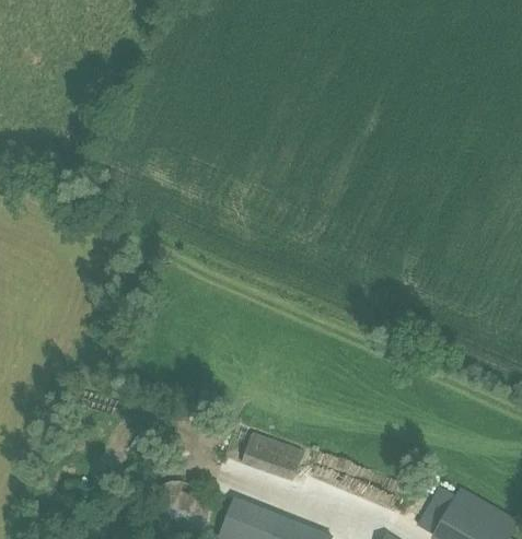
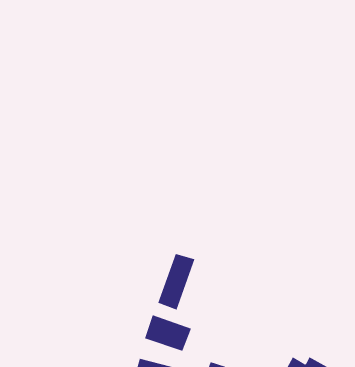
building: none -> [157,253,195,310]

